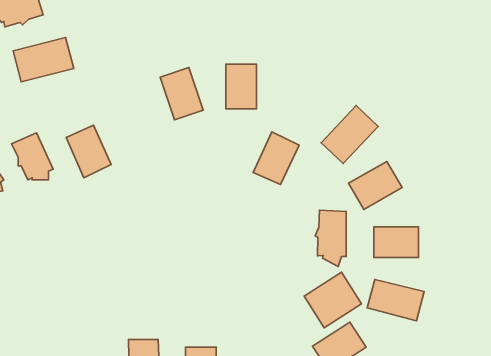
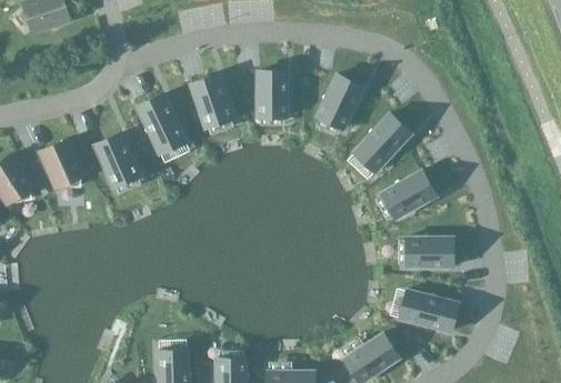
building: [13,37,74,82] -> none
building: none -> [136,93,184,153]
building: [253,132,299,184] -> [315,74,362,128]
building: [315,210,346,266] -> none
building: [304,272,362,328] -> none

